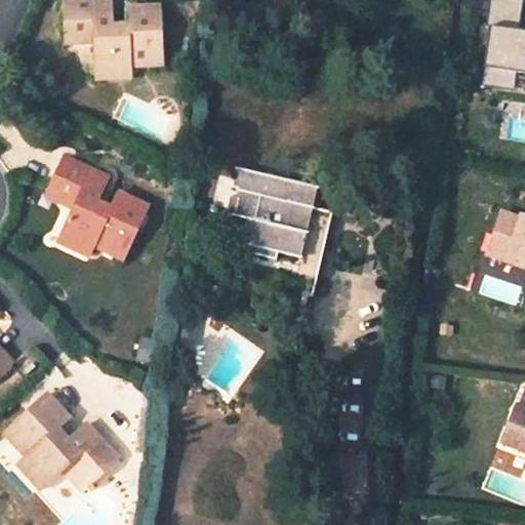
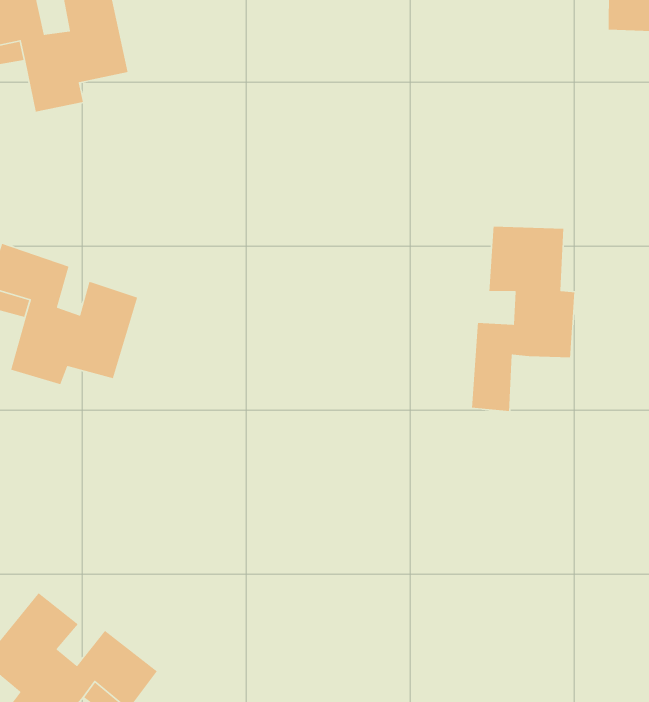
building: [224,171,326,281] -> none
building: none -> [471,226,575,412]

